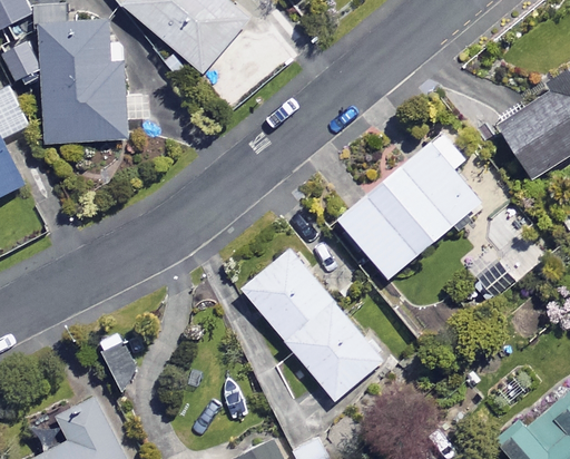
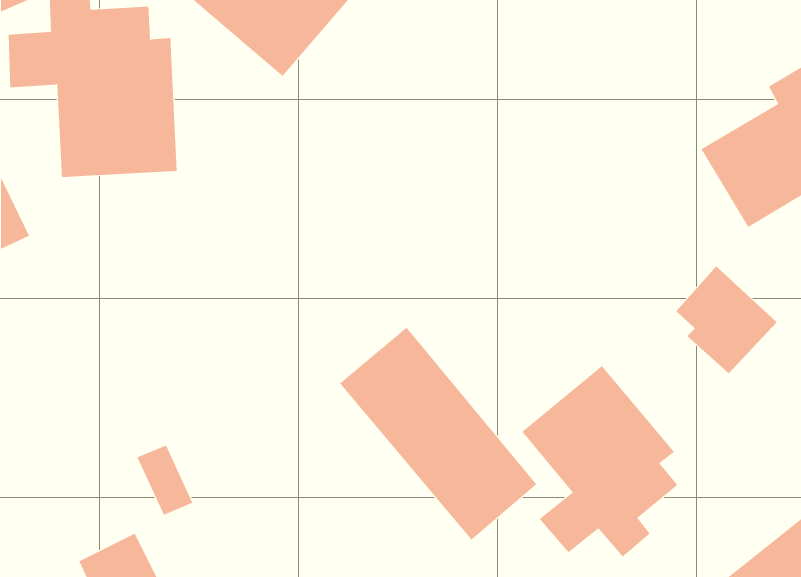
building: [337,131,480,280] -> none
building: none -> [521,365,678,558]

